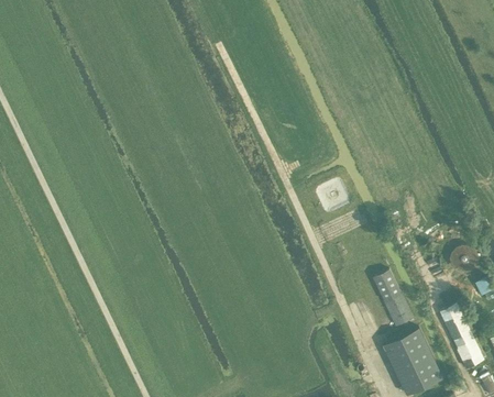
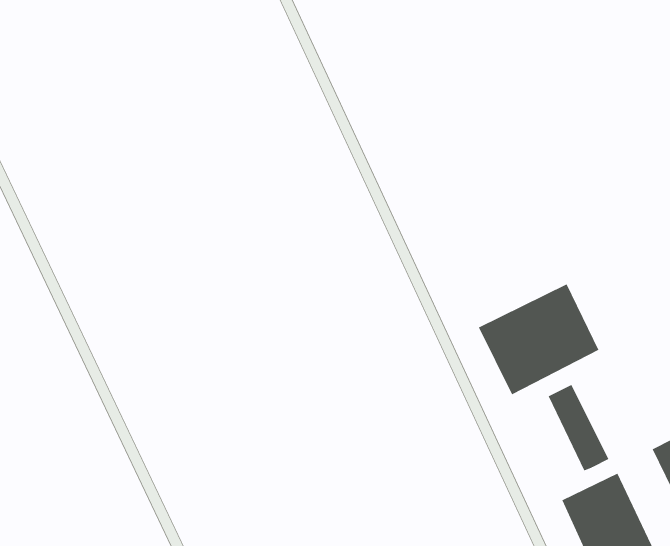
building: none -> [478,284,599,395]

